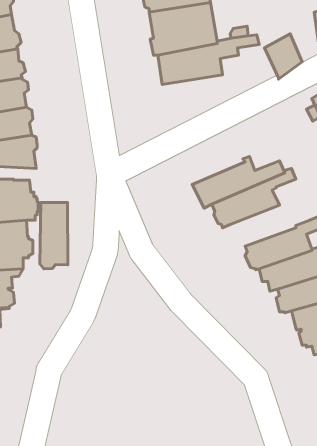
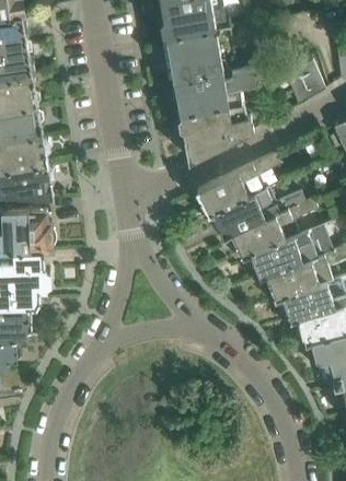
building: none -> [181,103,253,162]
building: none -> [196,154,279,216]
building: none -> [250,224,331,279]
building: [40,202,68,269] -> none

